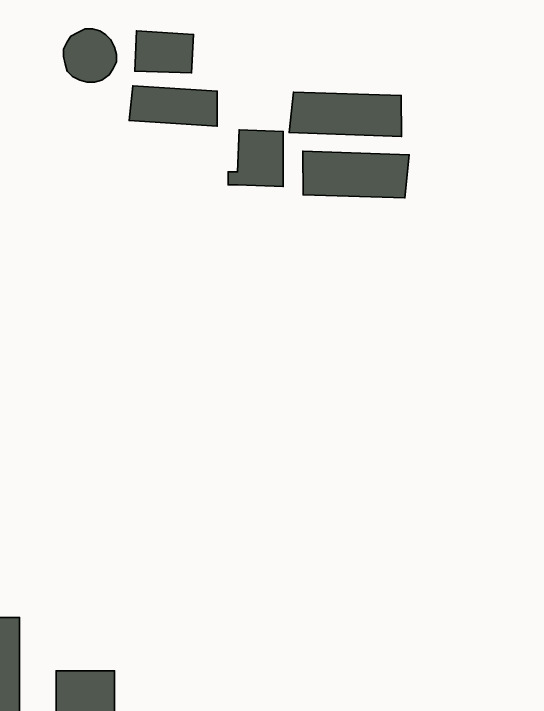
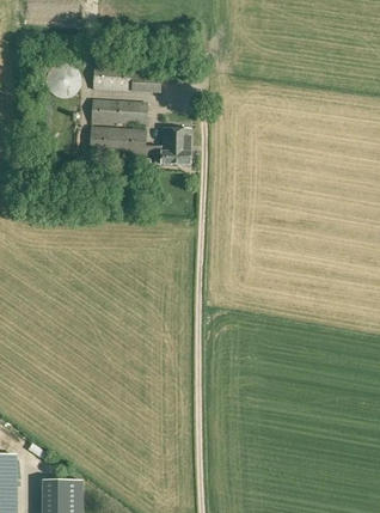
building: [289,92,402,136] -> none
building: none -> [90,127,147,157]
building: [303,151,409,198] -> none

